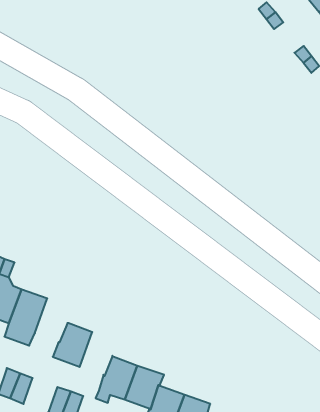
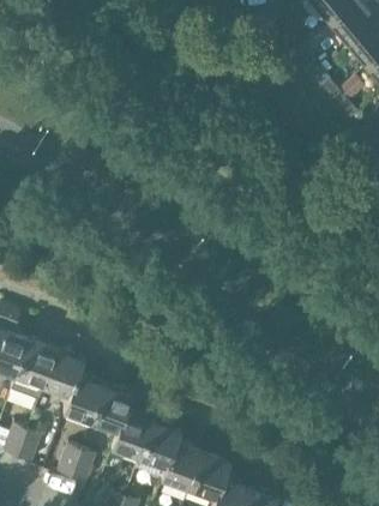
building: none -> [42,350,83,397]
building: none -> [90,386,132,433]

